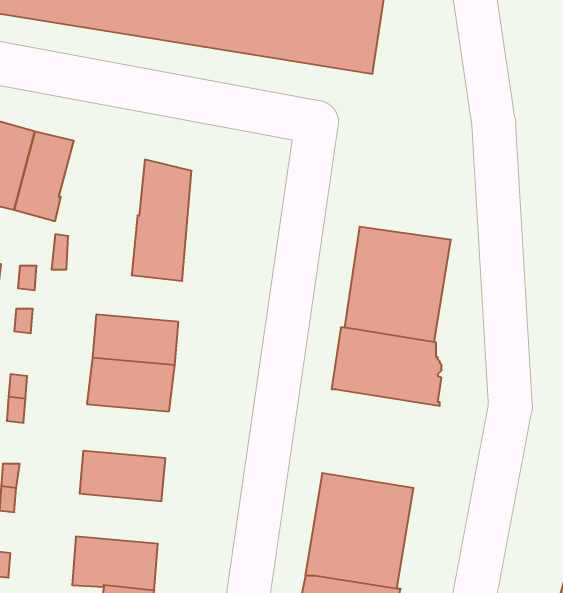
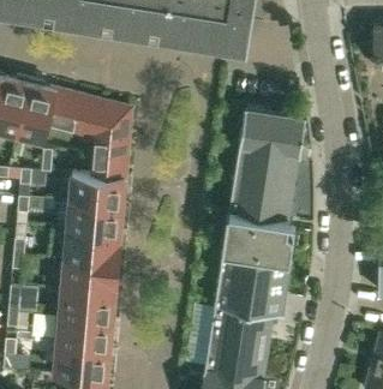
building: none -> [46,92,101,140]
building: none -> [239,110,305,156]
building: none -> [70,176,125,209]
building: none -> [215,252,291,317]
building: none -> [61,262,116,297]
building: none -> [56,319,112,352]

